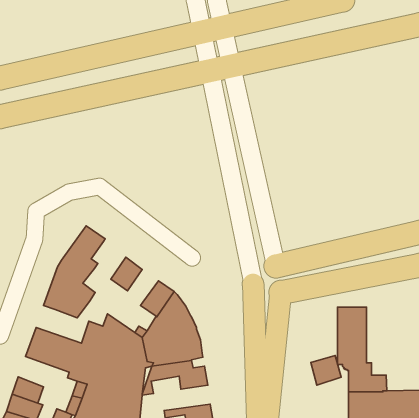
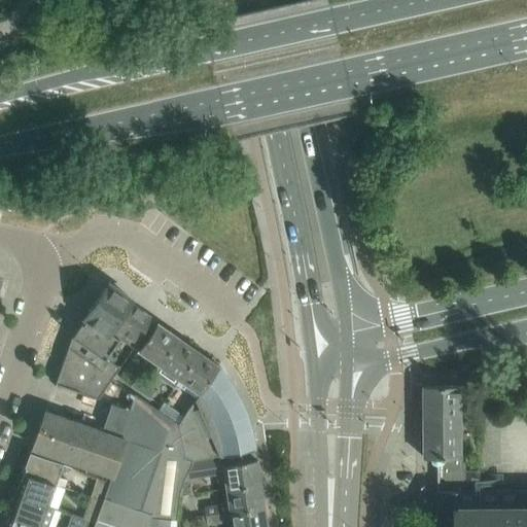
building: none -> [115,305,154,349]
building: none -> [154,340,200,390]
building: [311,355,341,385] -> none
building: none -> [24,453,64,487]
building: none -> [206,485,265,517]

